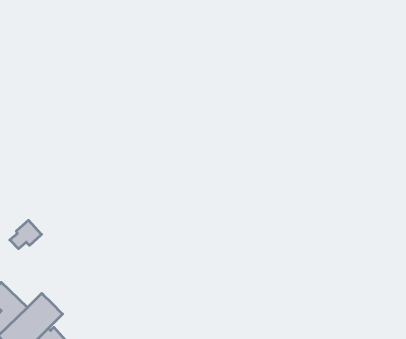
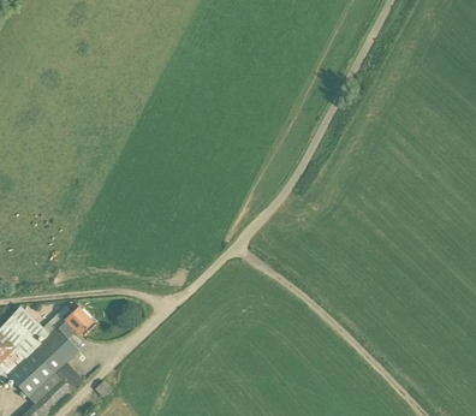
building: [10,220,42,249] -> [56,305,91,337]

